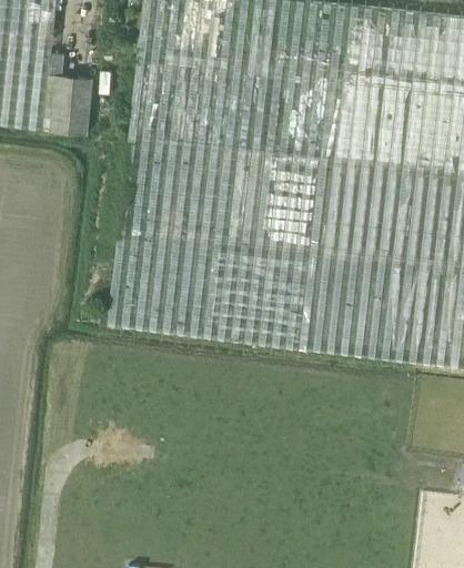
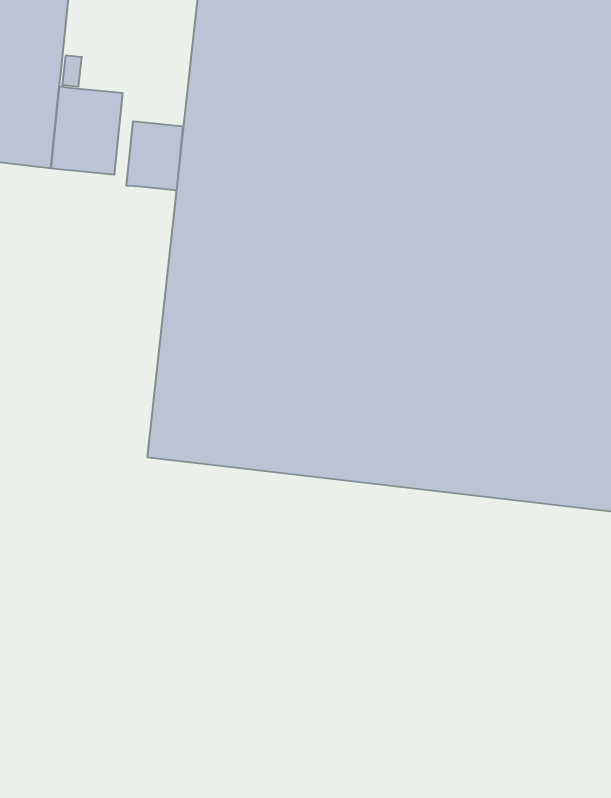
building: none -> [127,121,183,191]

